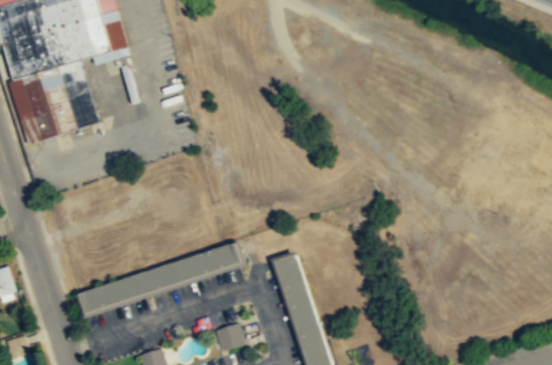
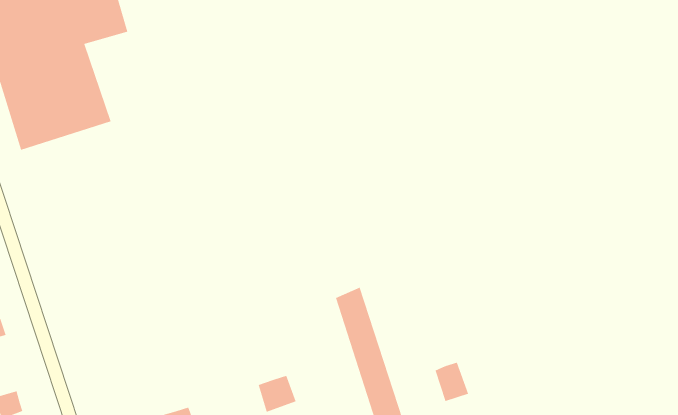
building: [79,243,237,313] -> none
building: none -> [435,362,469,402]

